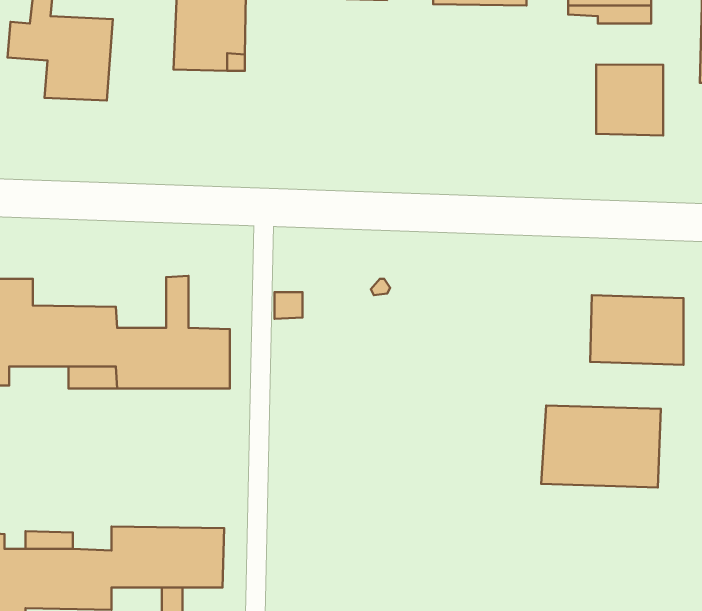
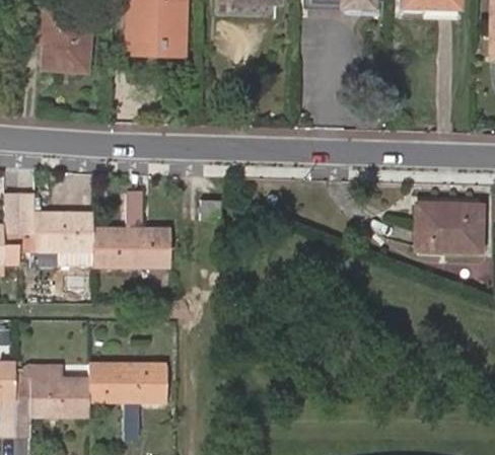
building: [596,64,663,135] -> none
building: [541,405,661,487] -> none

